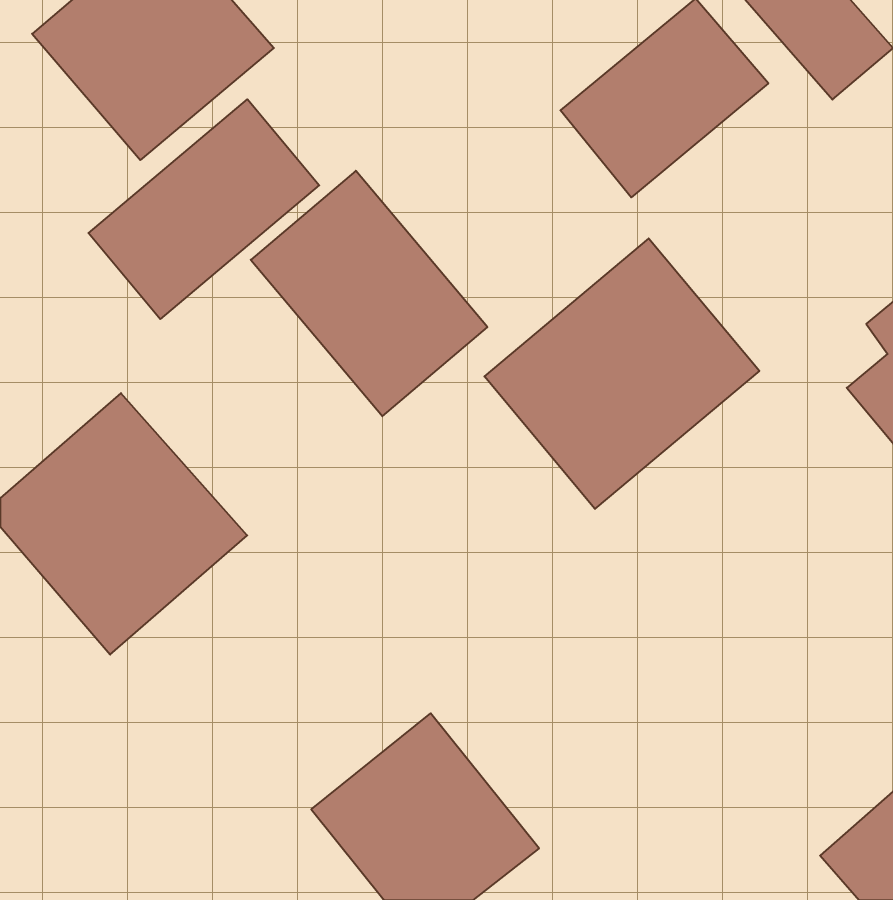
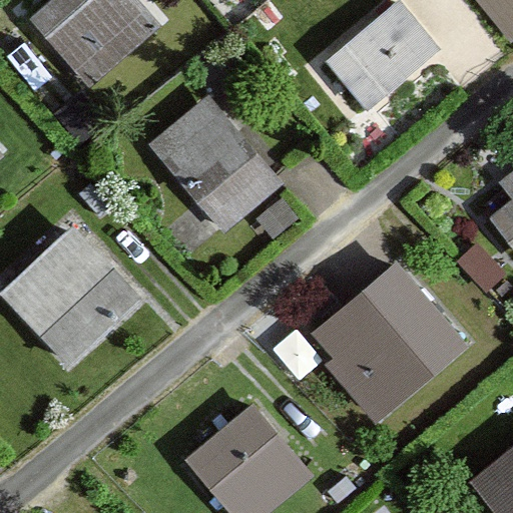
building: [88,99,319,319] -> none
building: [484,238,759,509] -> none
building: none -> [311,259,470,417]

